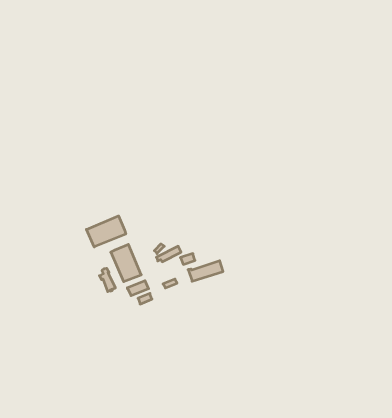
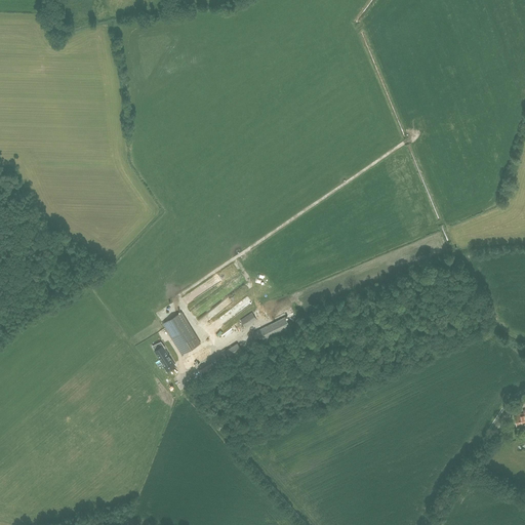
building: [86,216,126,247] -> none

